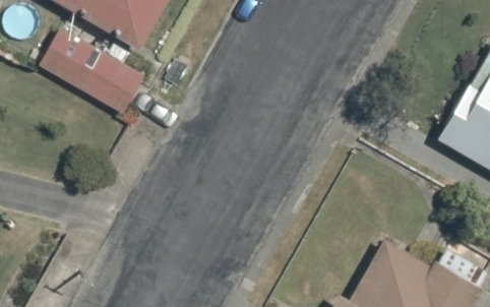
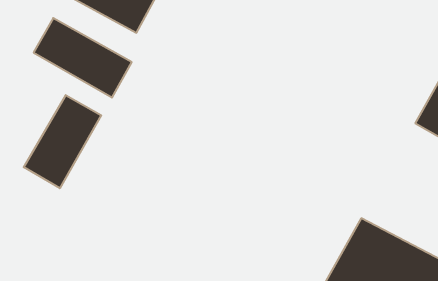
building: none -> [24,95,101,188]

